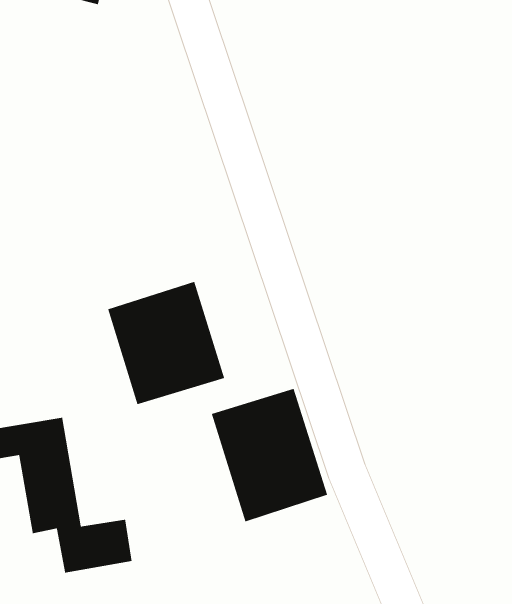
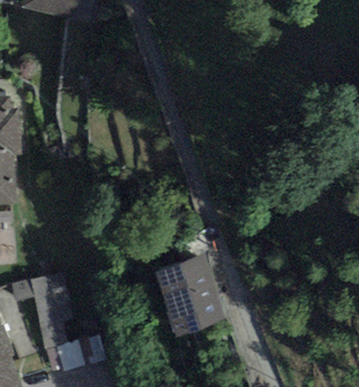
building: [107,281,225,405] -> none

